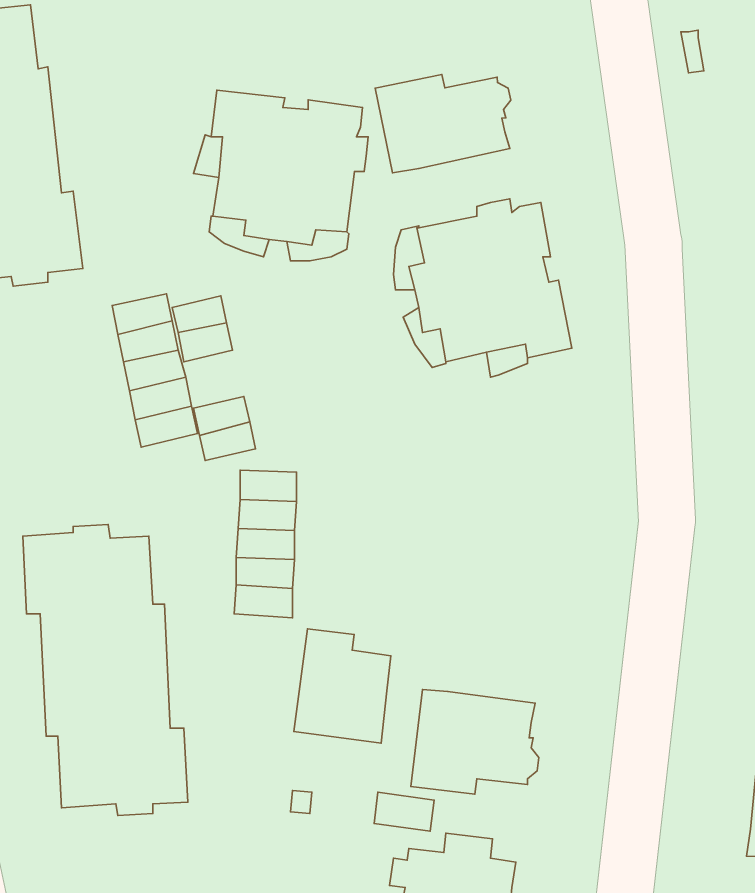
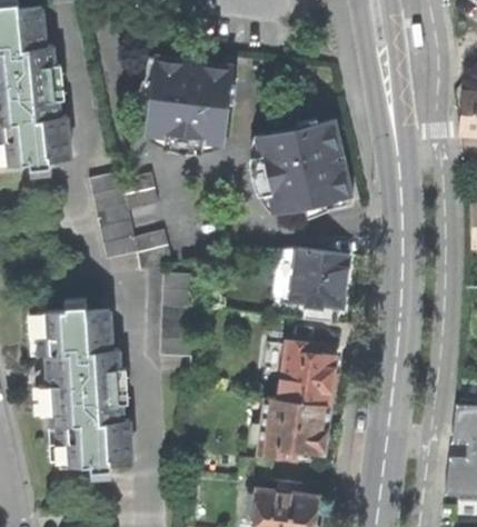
building: [375,74,511,173] -> none
building: none -> [291,248,349,321]
building: [294,629,391,743] -> [280,340,336,406]

